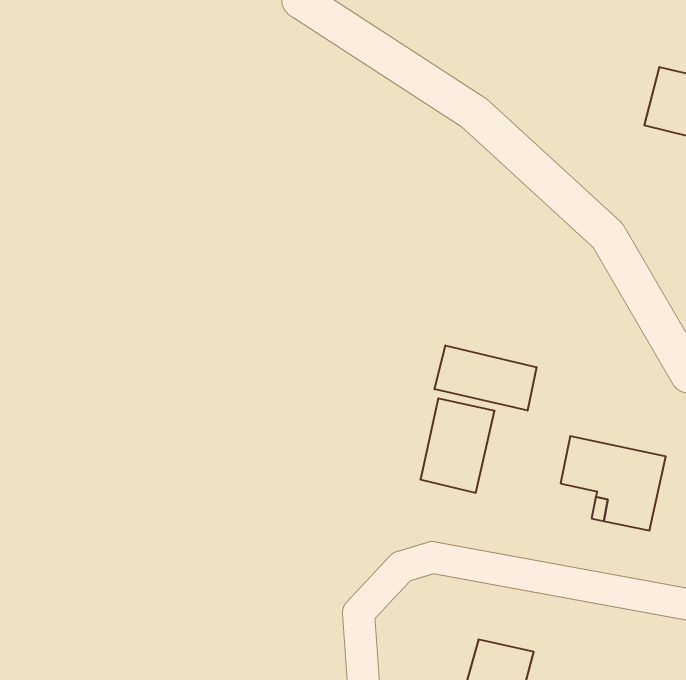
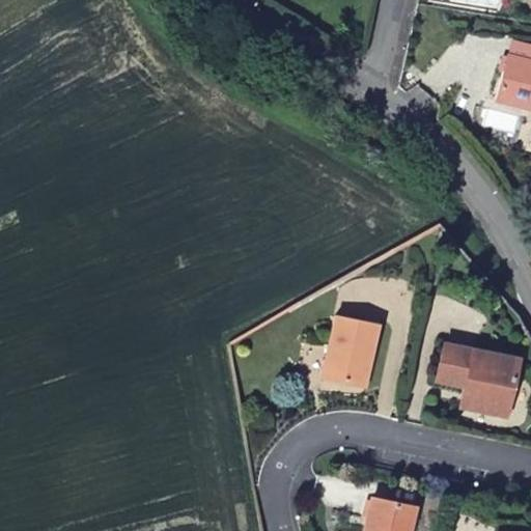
building: [434,345,537,411] -> none

